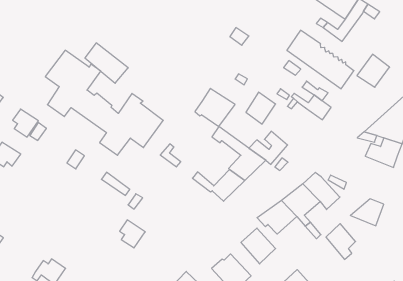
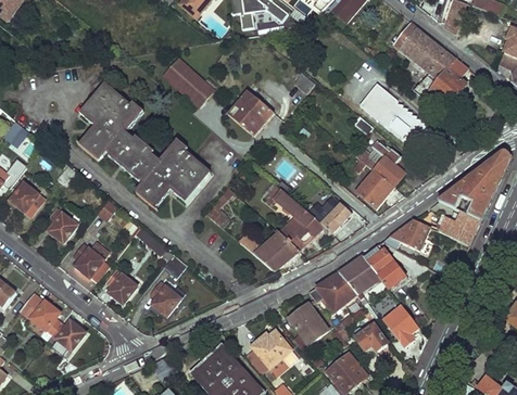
building: [85,43,128,83] -> [164,58,213,105]
building: [357,54,390,87] -> [428,66,466,104]
building: [195,88,235,127] -> [228,90,275,135]
building: [246,92,276,124] -> [357,169,392,206]
building: [13,109,38,137] -> [47,208,76,241]
building: none -> [73,244,102,275]
building: [350,199,384,226] -> [390,219,429,251]
building: none -> [106,269,135,302]
building: none -> [22,293,60,333]
building: none -> [356,326,387,351]

